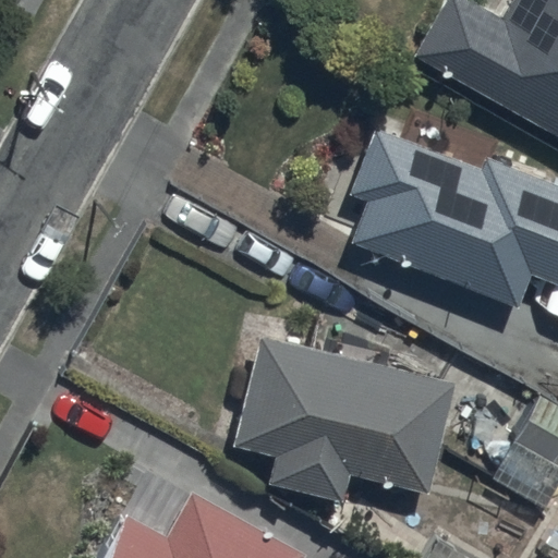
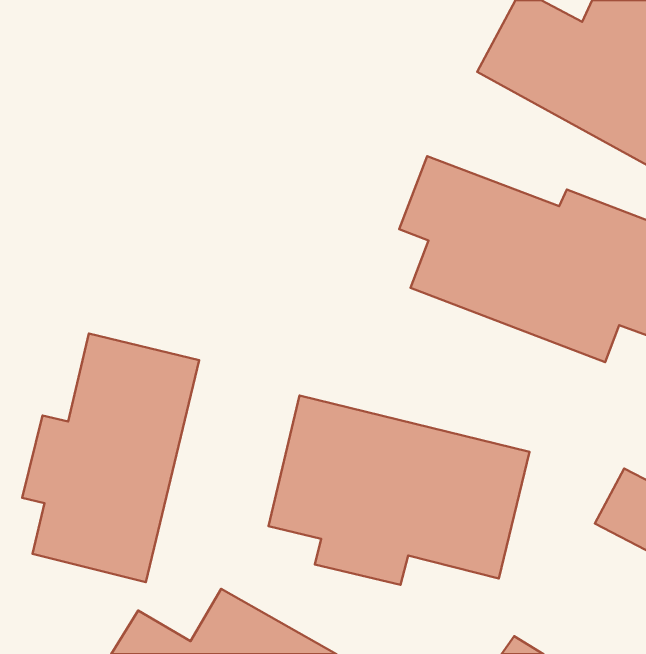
building: none -> [22,333,199,582]

